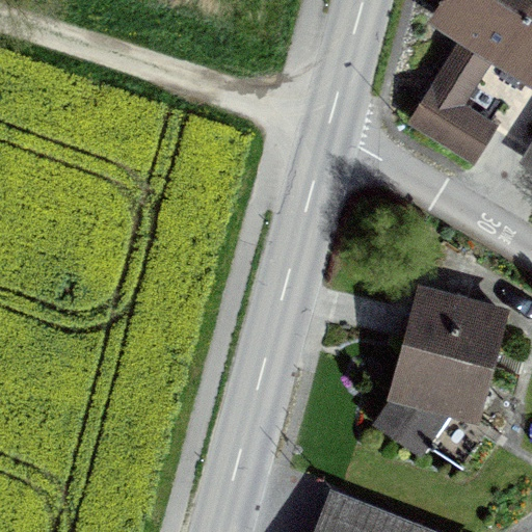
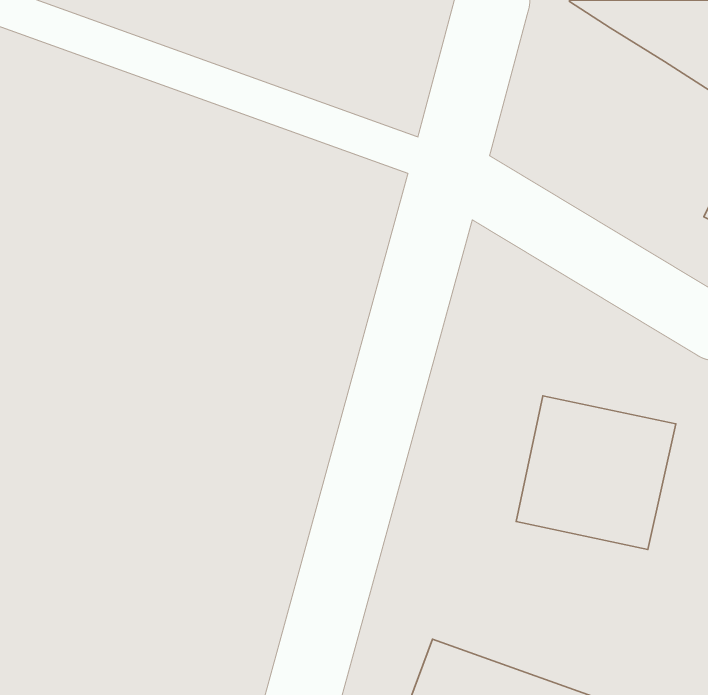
building: [406,35,499,160] -> none

